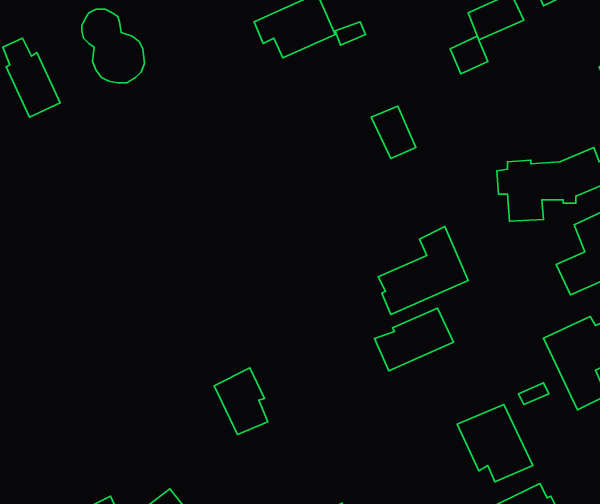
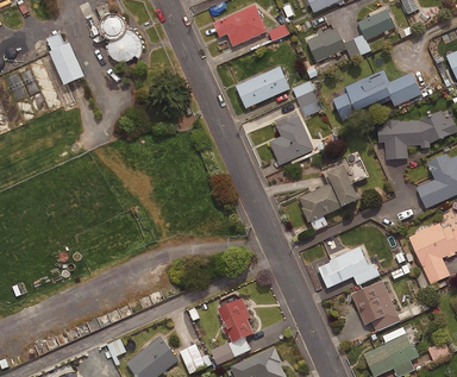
building: none -> [307,27,345,61]
building: none -> [236,65,289,108]
building: none -> [333,69,421,121]
building: none -> [269,115,314,164]
building: [375,308,454,371] -> [318,246,370,288]
building: [214,368,268,434] -> [218,297,253,341]

